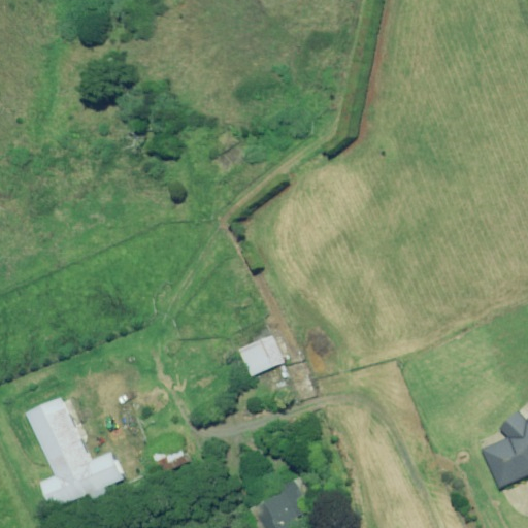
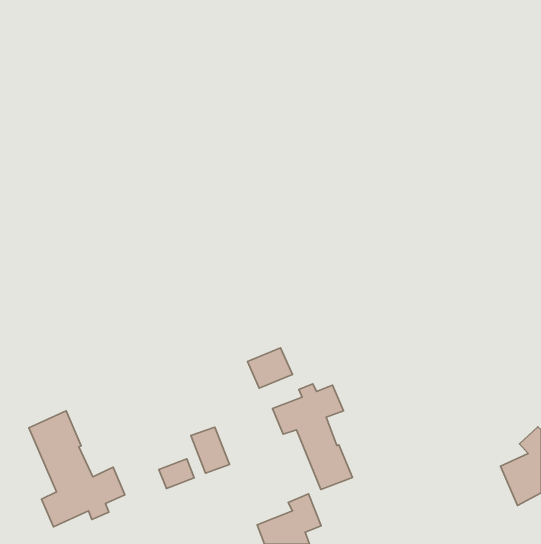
building: none -> [273,384,352,489]
building: none -> [191,427,229,473]

